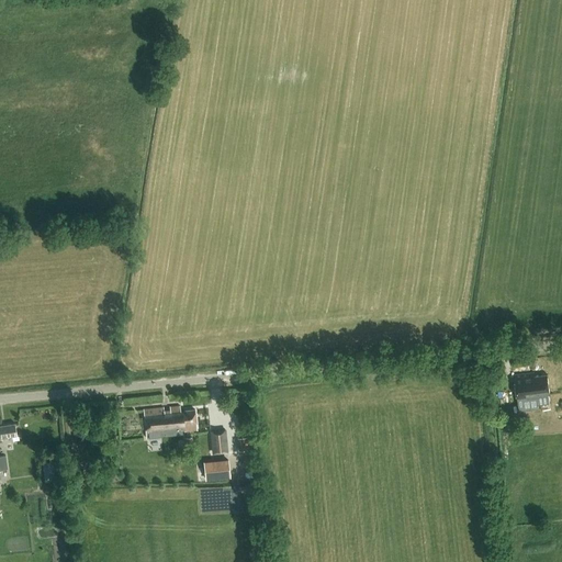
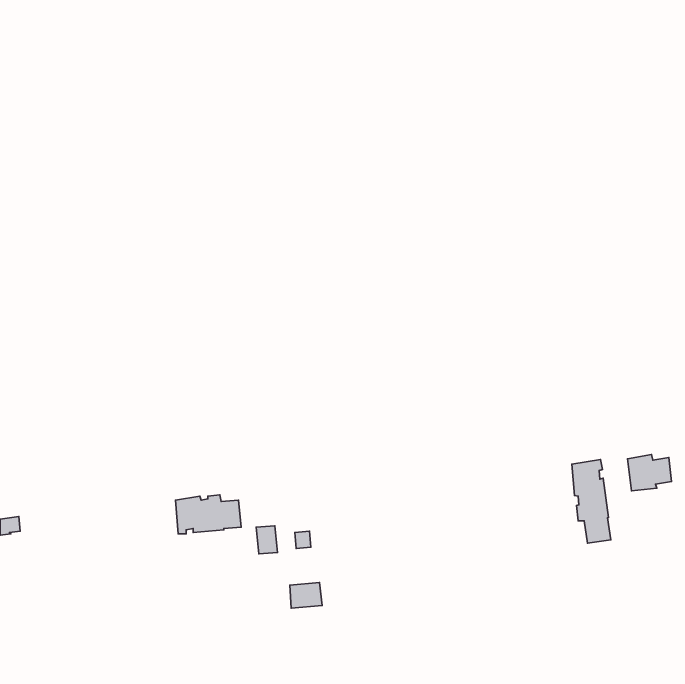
building: none -> [572,460,611,543]
building: [204,460,231,481] -> [290,583,322,608]

